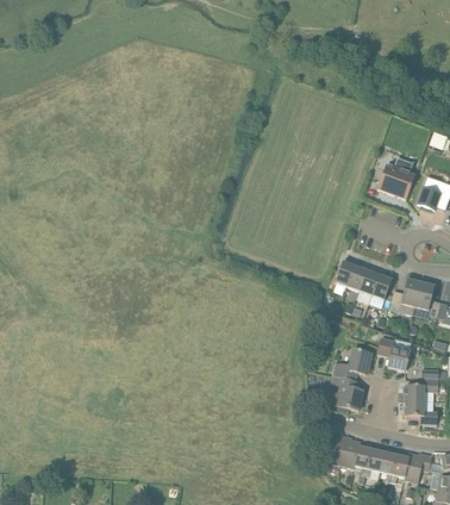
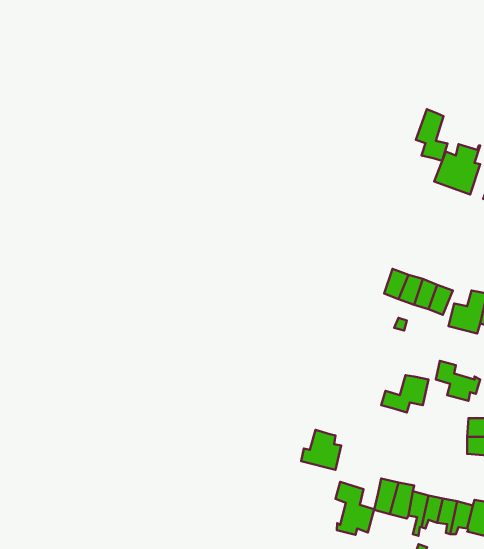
building: none -> [416,109,447,161]
building: [331,376,364,410] -> [301,430,341,470]
building: none -> [335,482,374,535]

